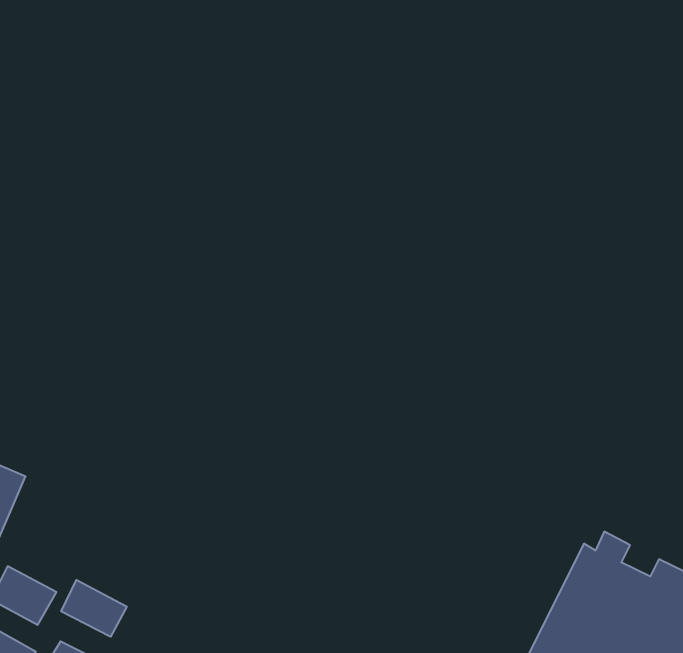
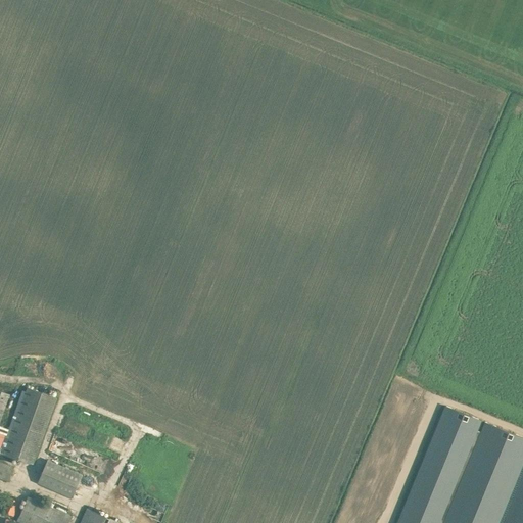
building: [61,580,127,637] -> none

